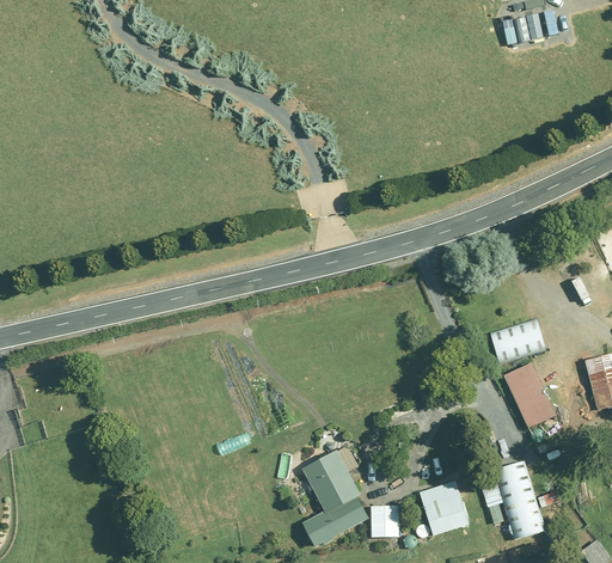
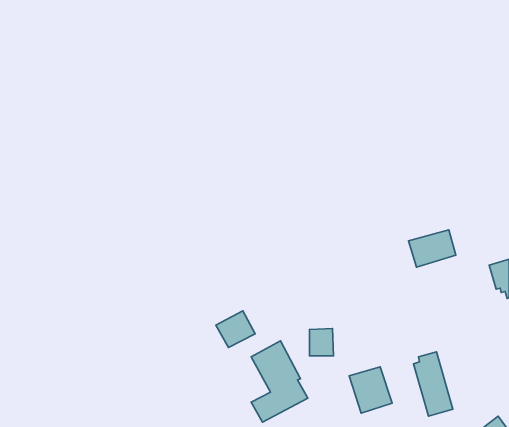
building: [503,361,556,428] -> none
building: none -> [216,311,255,348]
building: [371,504,399,537] -> [309,329,334,356]

